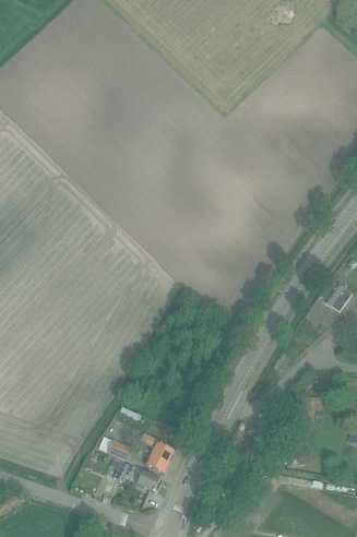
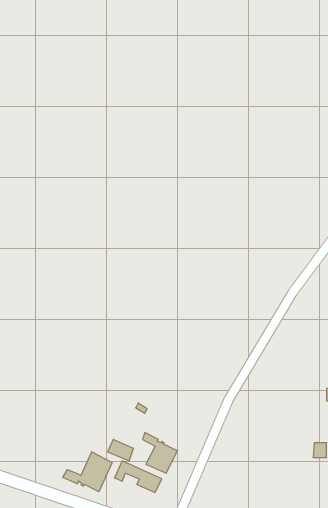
building: none -> [63,452,112,492]

